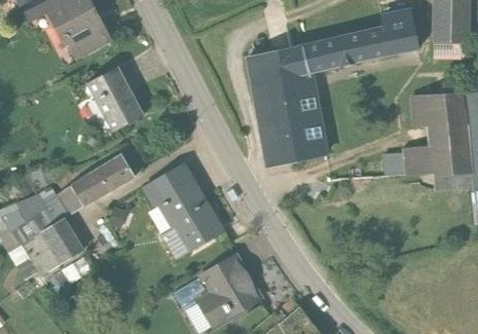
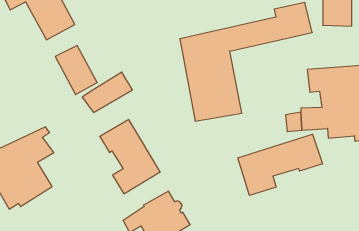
building: [73,153,137,205] -> [82,72,132,112]
building: none -> [238,134,322,195]

